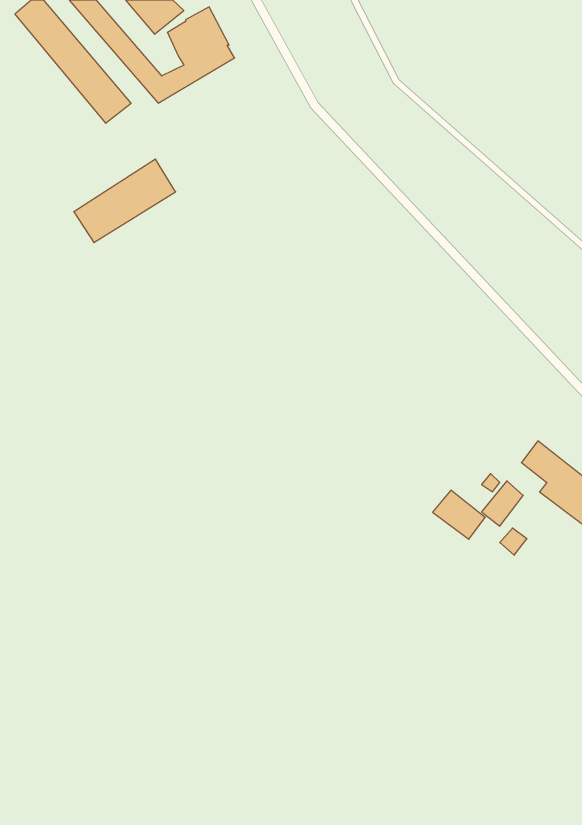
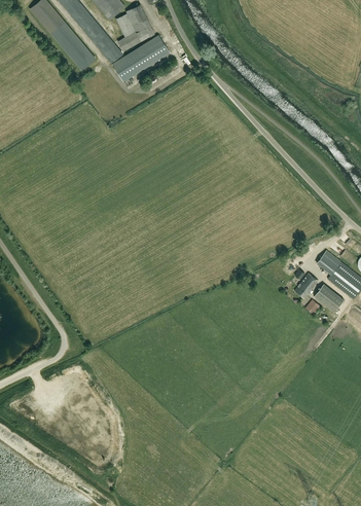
building: [74,159,176,243] -> [112,34,170,81]
building: [433,490,485,539] -> [314,284,344,312]

